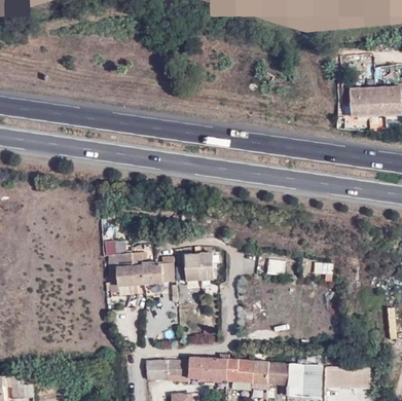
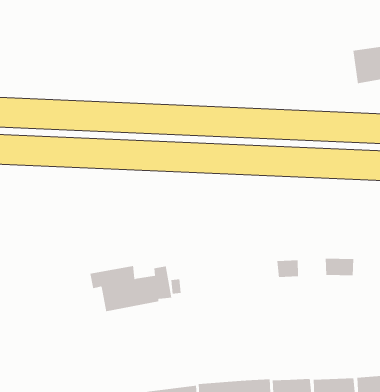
building: [184,252,213,281] -> none

